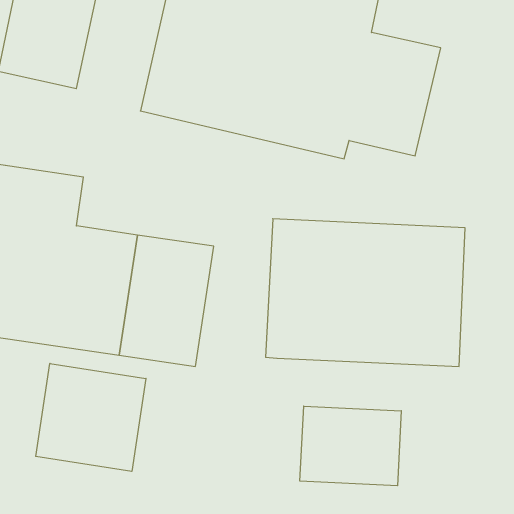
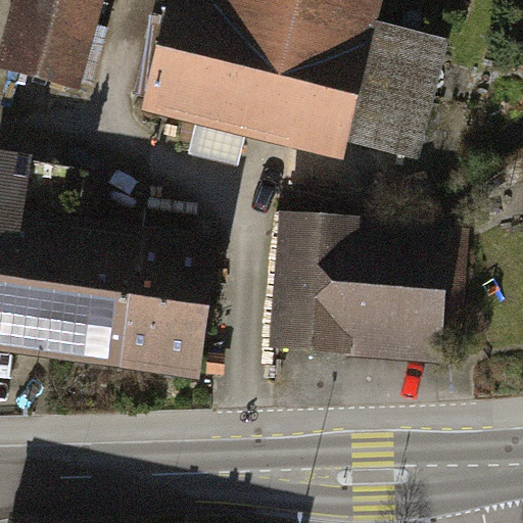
building: [36,363,146,471] -> none
building: [300,406,401,486] -> none

